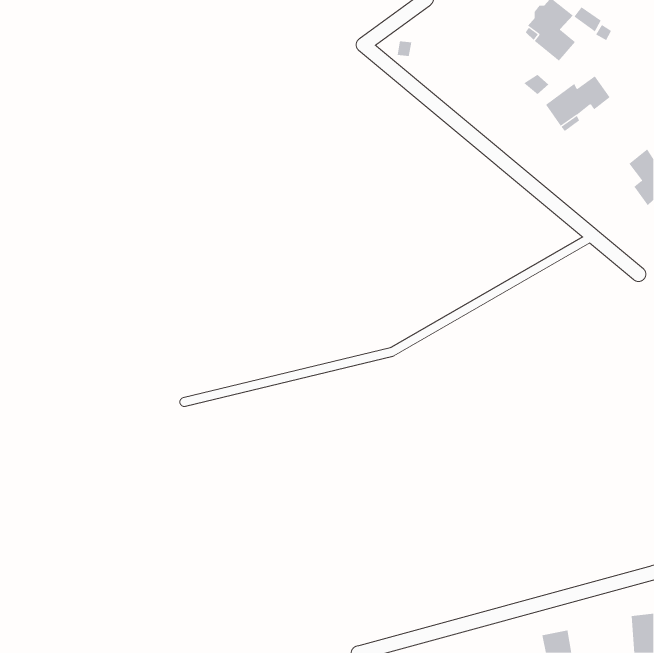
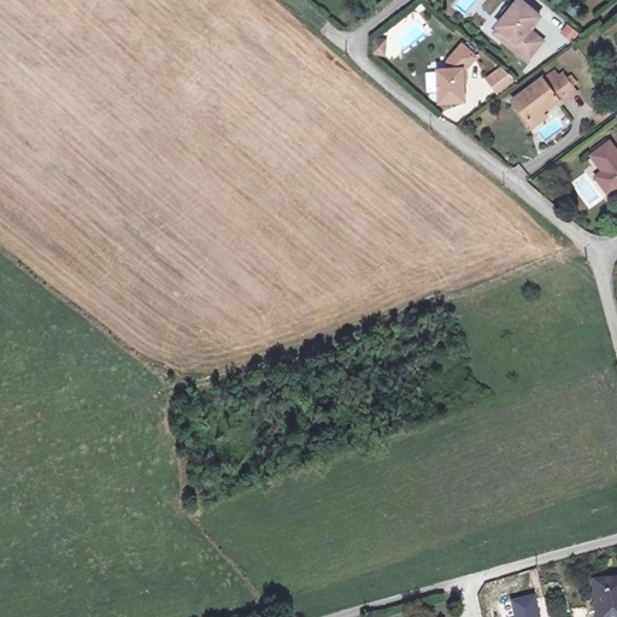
building: none -> [437,42,476,100]

